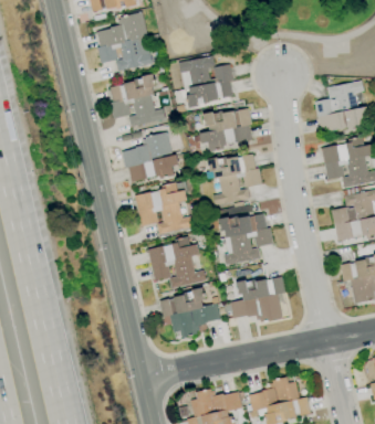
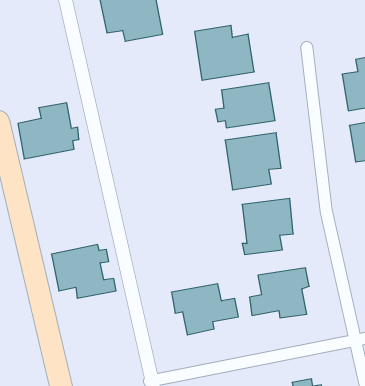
building: [108,77,166,127] -> none
building: [124,132,179,183] -> [18,103,79,159]
building: [135,186,192,234] -> none
building: [148,240,207,288] -> [51,245,116,298]

